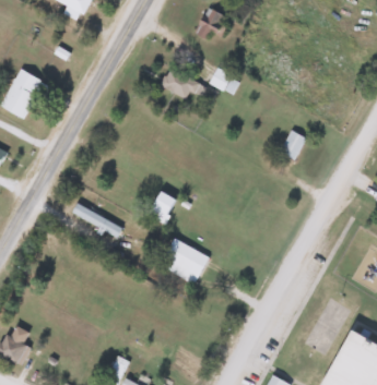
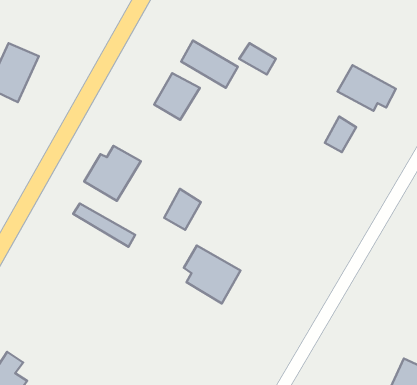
building: none -> [337,65,396,111]
building: none -> [154,73,200,120]
building: none -> [84,146,141,201]

